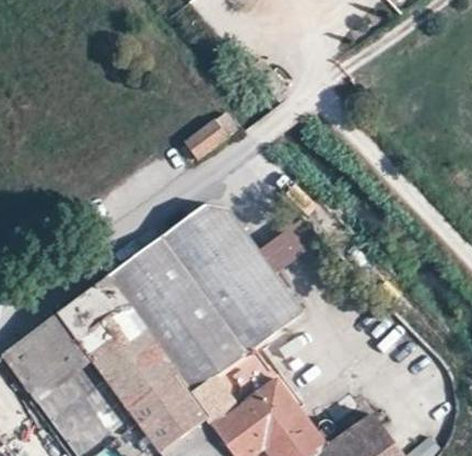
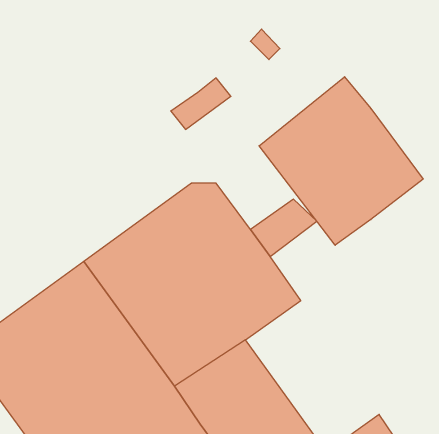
building: none -> [259,77,423,245]

